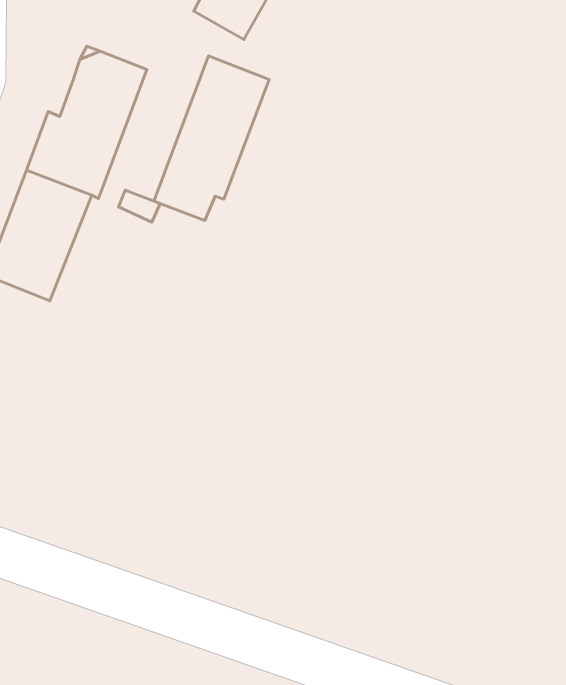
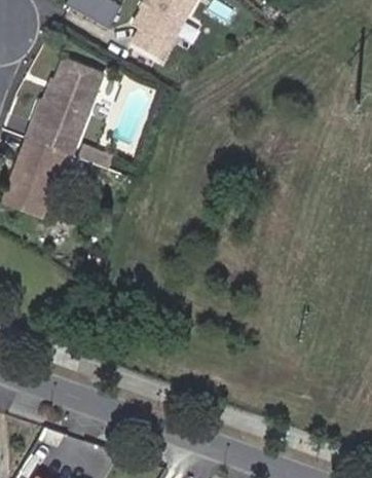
building: [154,56,269,220] -> none

